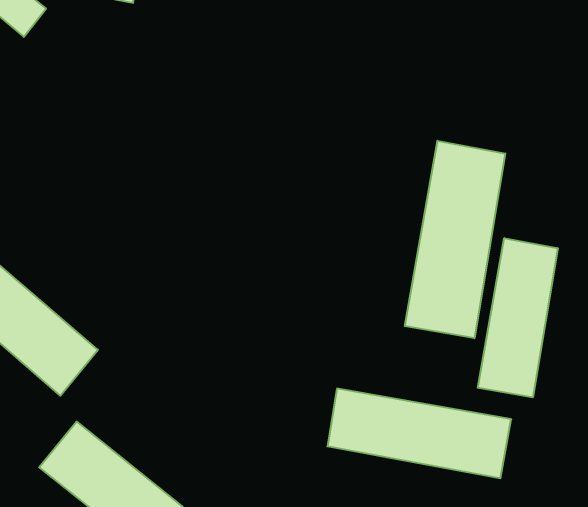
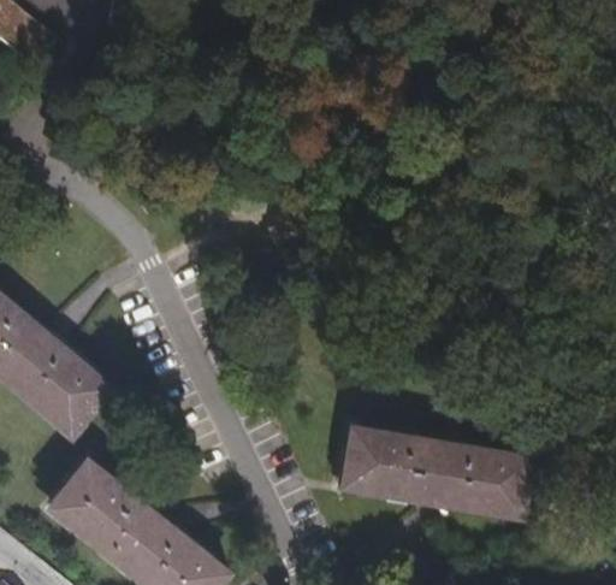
building: [405,141,505,338] -> none
building: [478,238,558,397] -> none

